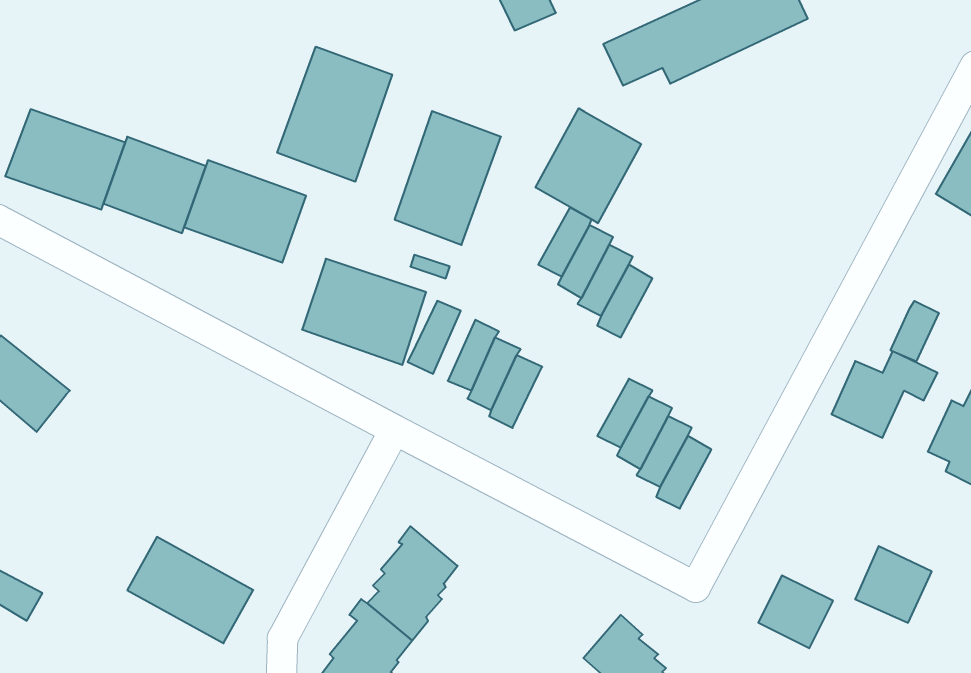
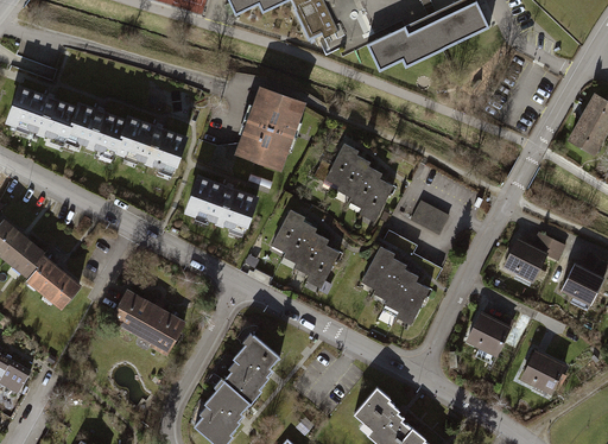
building: [277,47,392,182] -> none
building: [536,108,641,223] -> none
building: [891,301,939,361] -> none
building: [408,301,461,374] -> [309,243,341,287]
building: none -> [411,199,449,233]
building: none -> [21,255,81,312]
building: [127,537,253,643] -> [108,288,184,353]
building: [758,575,833,648] -> [464,310,509,354]

